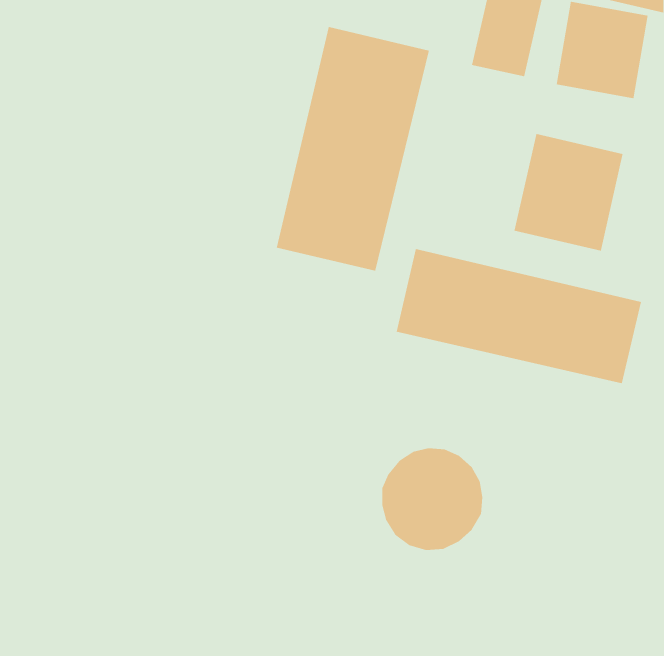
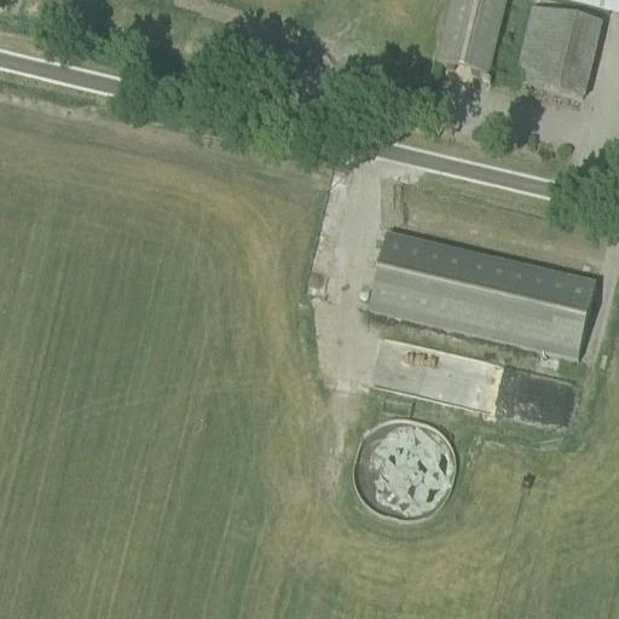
building: [276,26,429,272] -> none
building: [514,133,623,252] -> none

